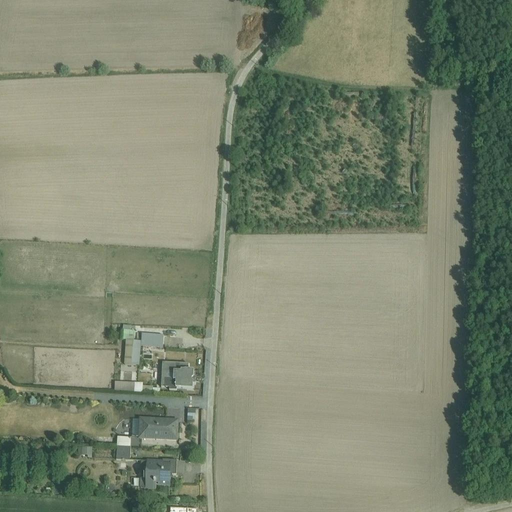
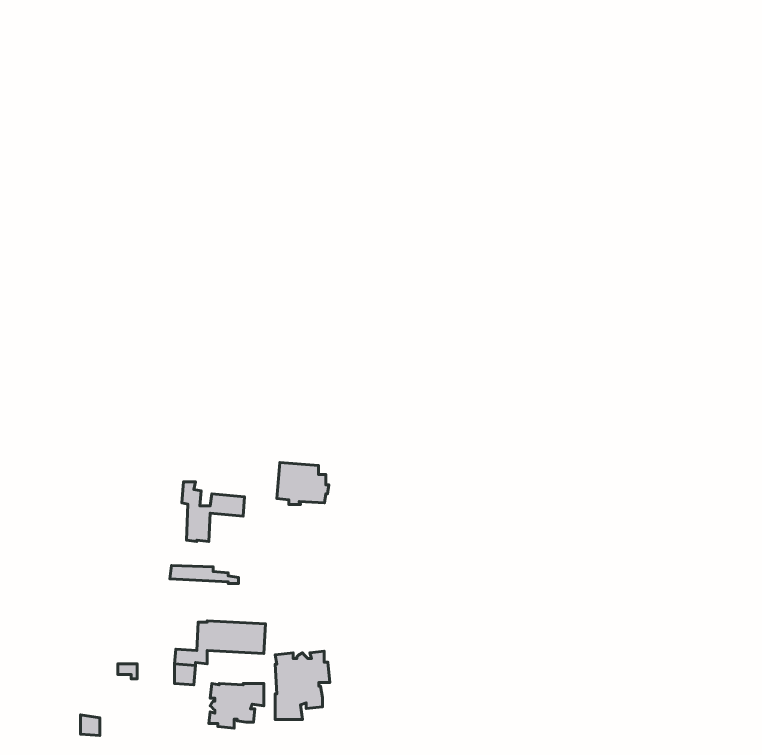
building: [161,360,196,388] -> [277,463,329,504]
building: none -> [275,651,330,720]

